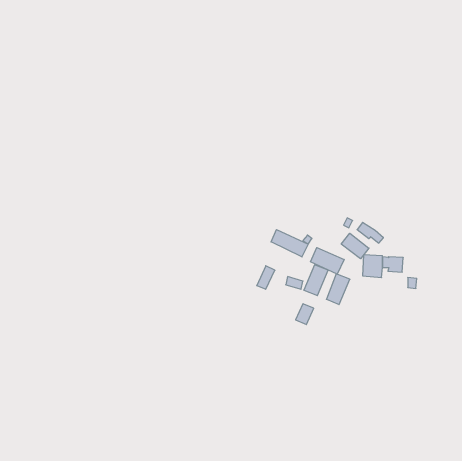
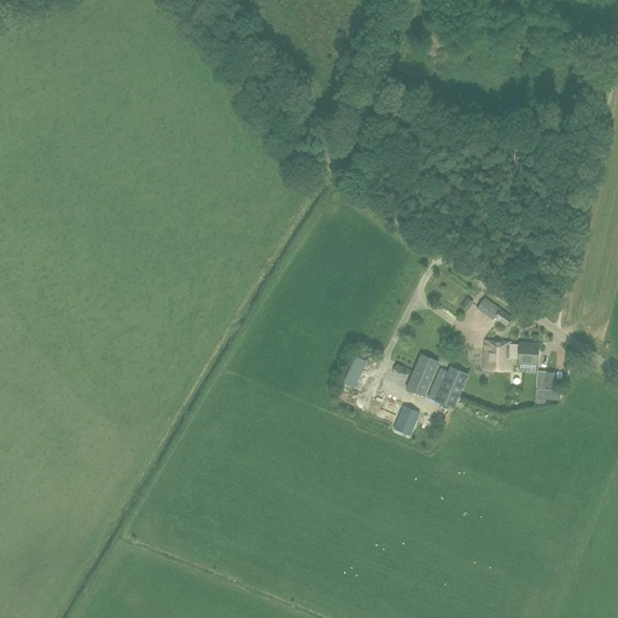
building: [271,230,308,257] -> none
building: [341,233,369,259] -> none
building: [311,248,344,274] -> none

